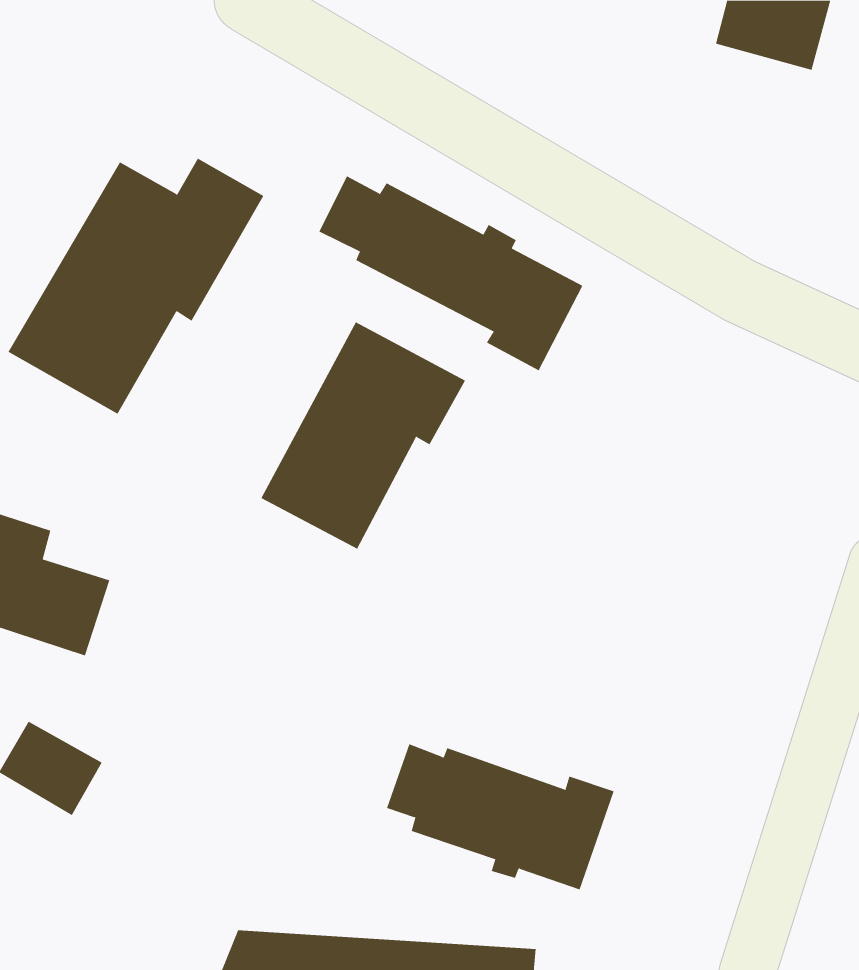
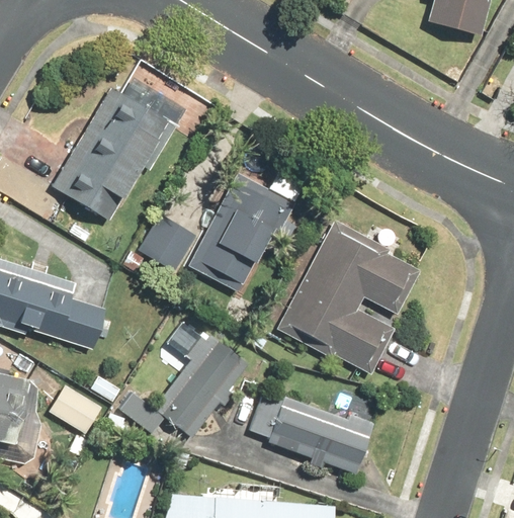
building: [318,176,583,371] -> none
building: none -> [138,213,196,272]
building: none -> [275,219,421,373]
building: none -> [119,334,248,436]

